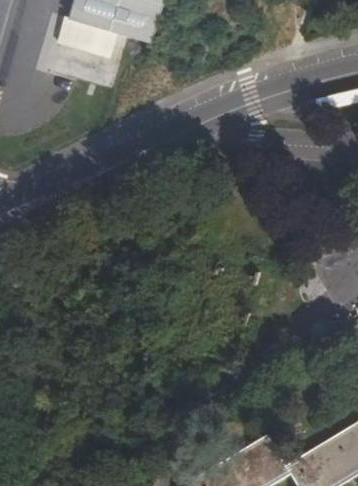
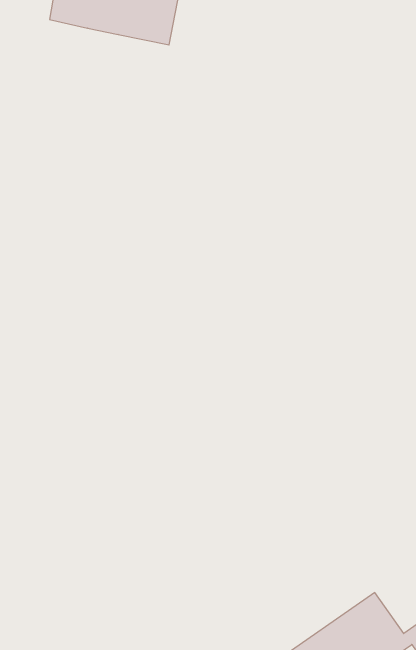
building: [57,17,117,57] -> none

